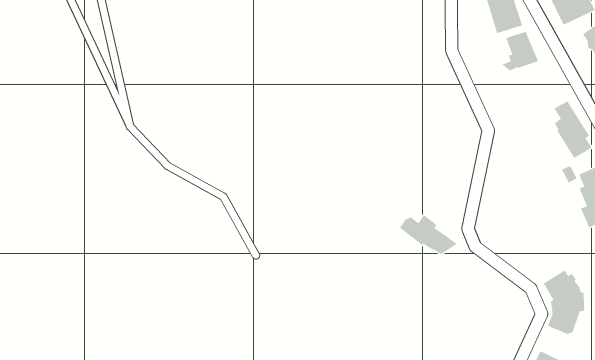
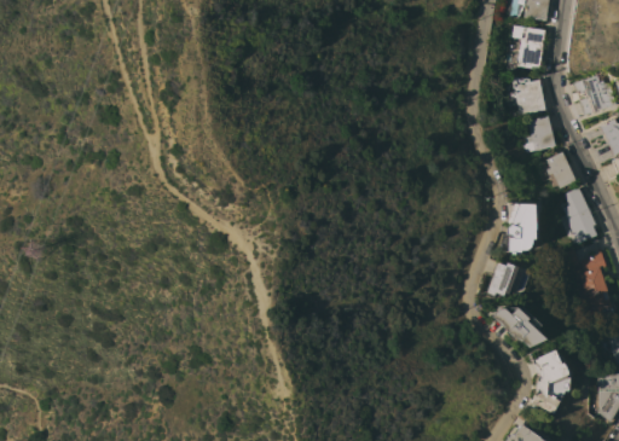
building: none -> [546,152,577,188]
building: none -> [501,204,539,254]
building: none -> [487,262,519,296]
building: [399,214,458,255] -> [493,307,548,348]

